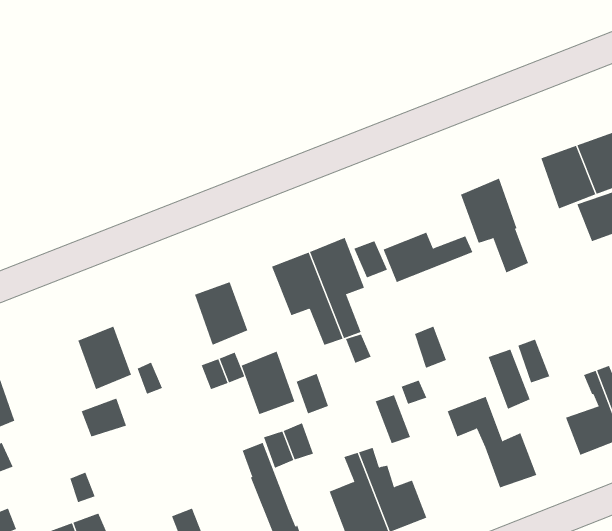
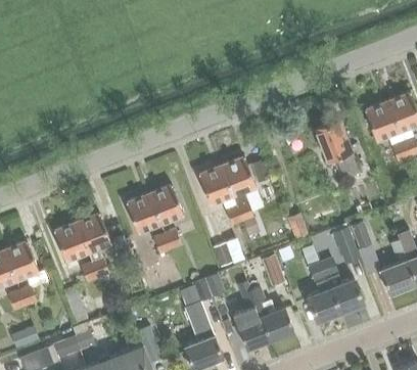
building: [383,232,473,283] -> none
building: none -> [54,222,89,261]
building: [241,351,295,415] -> [128,193,161,233]
building: none -> [308,288,340,323]

